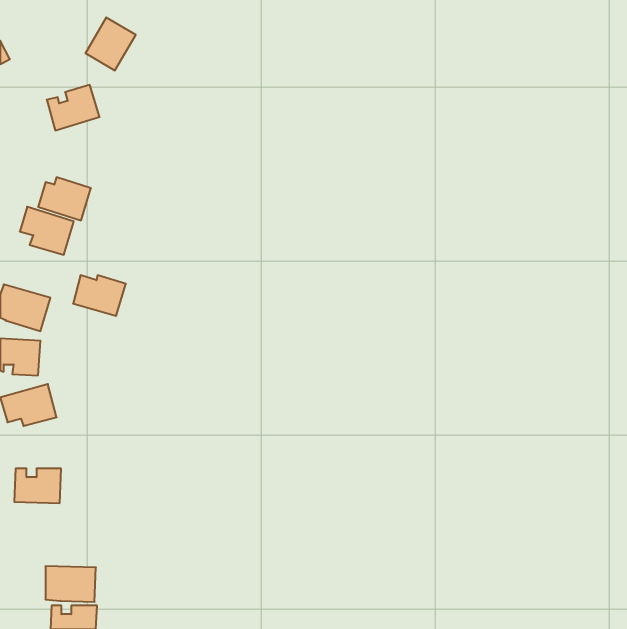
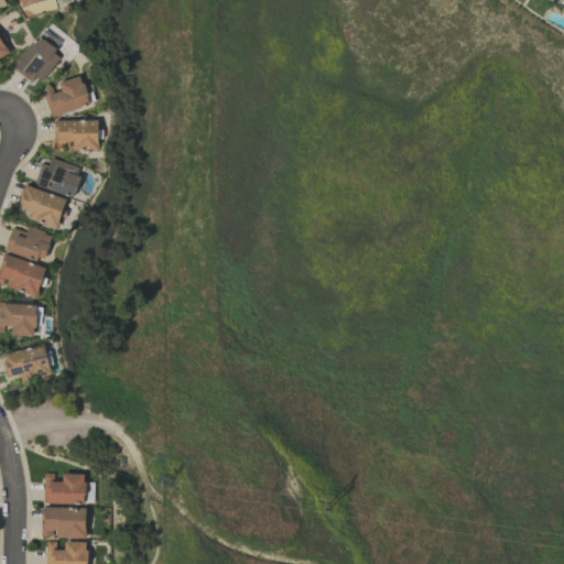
building: [85,17,136,70] -> [17,37,62,85]
building: none -> [54,119,99,151]
building: [73,275,126,316] -> [6,227,53,263]
building: [14,469,61,503] -> [43,474,85,505]

